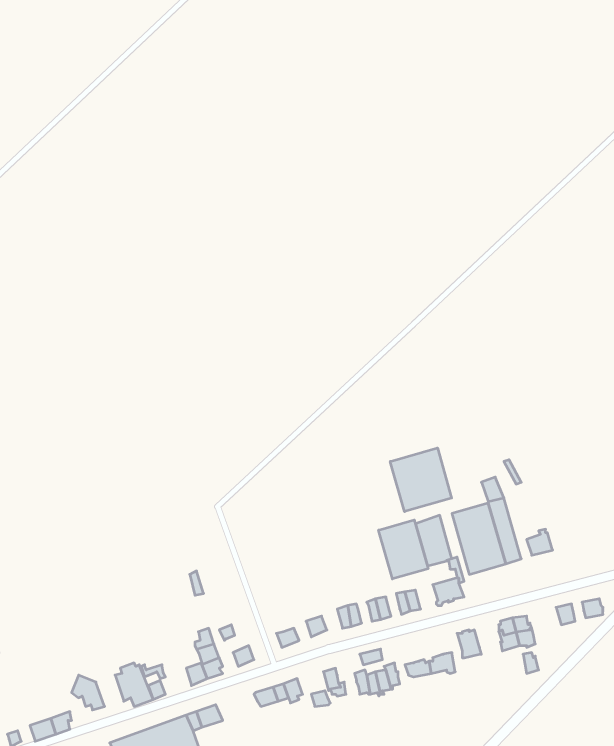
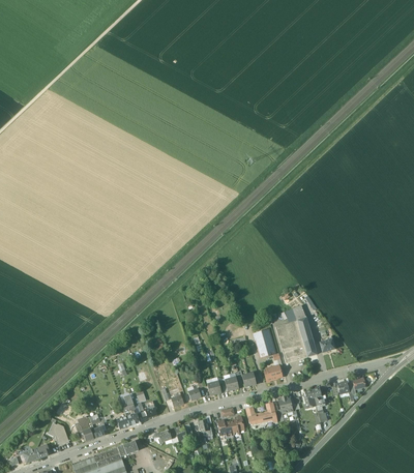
building: [390,448,452,512] -> none
building: [379,520,428,579] -> none

